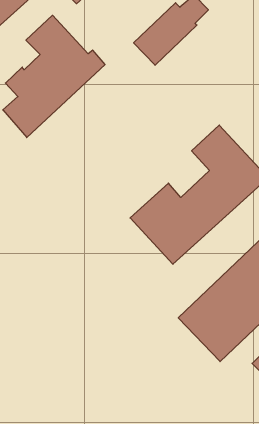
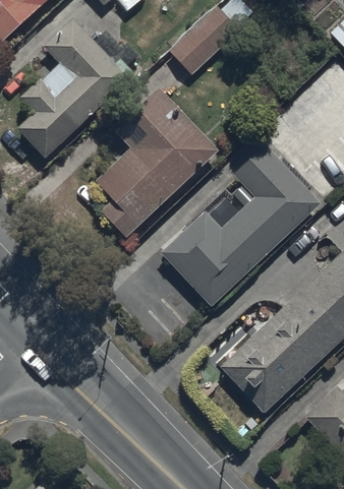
building: none -> [97,80,222,238]

